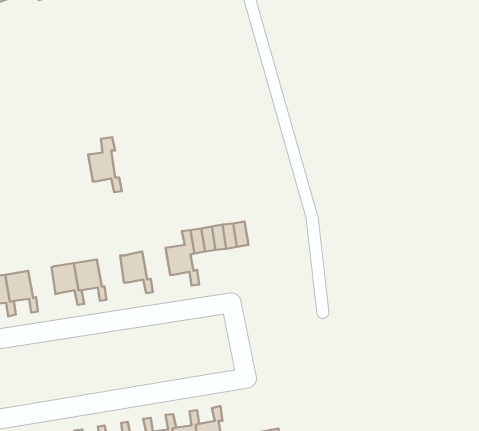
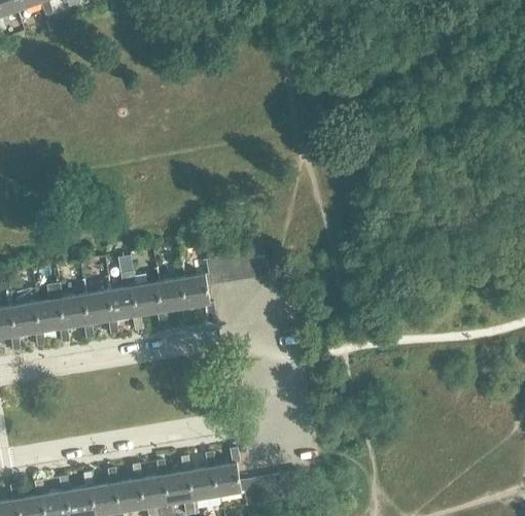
building: [88,137,122,192] -> [105,273,141,332]
building: none -> [153,279,189,323]
building: none -> [32,284,67,344]

